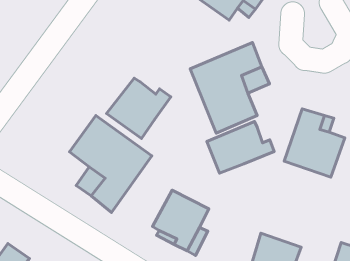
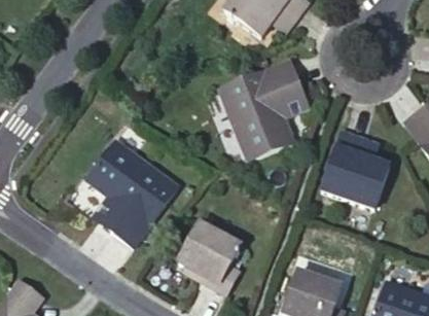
building: [107,78,171,139] -> none
building: [207,122,274,173] -> none

